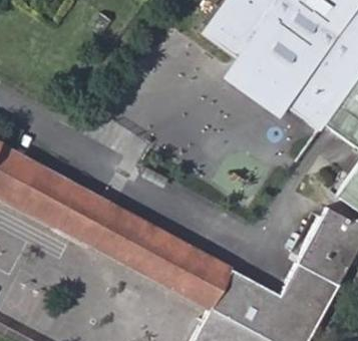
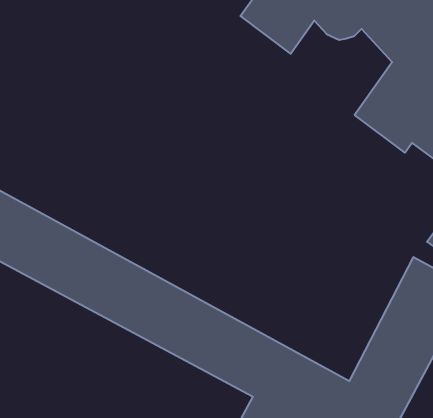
building: [226,36,312,114] -> none

